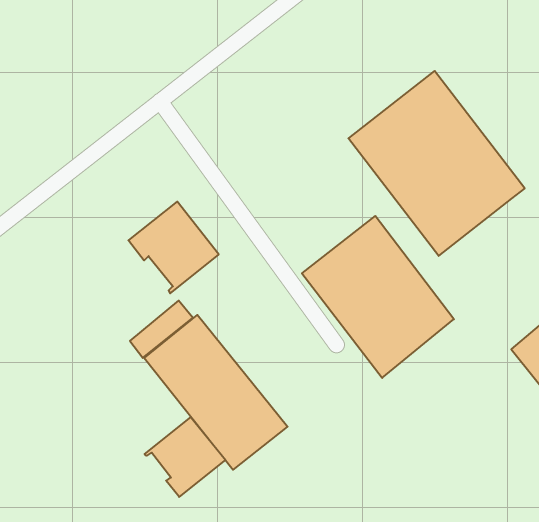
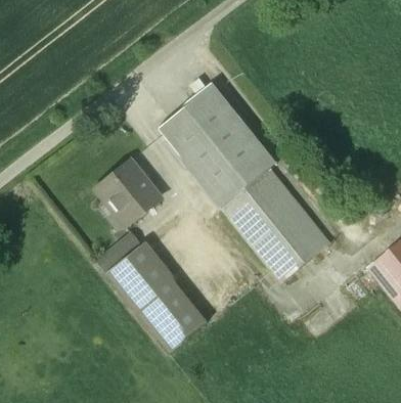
building: [348,71,525,256] -> [155,79,281,211]
building: [145,417,225,497] -> none

